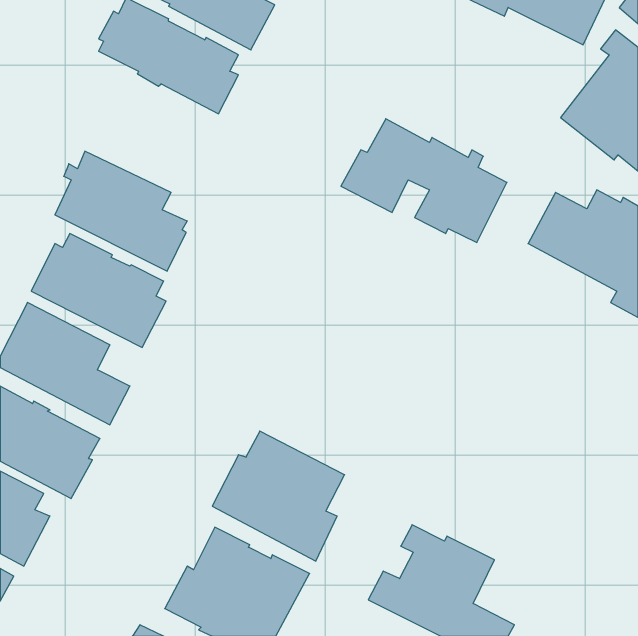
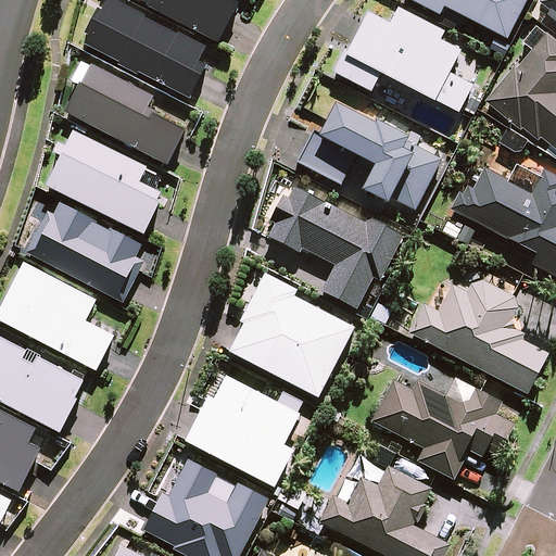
building: none -> [333,8,473,113]
building: none -> [67,61,187,166]
building: none -> [268,186,403,308]
building: none -> [409,270,549,392]
building: none -> [229,273,355,397]
building: none -> [371,380,514,478]

